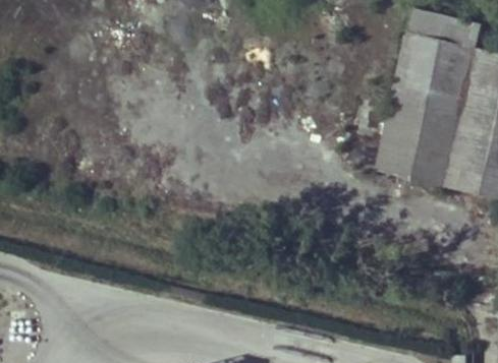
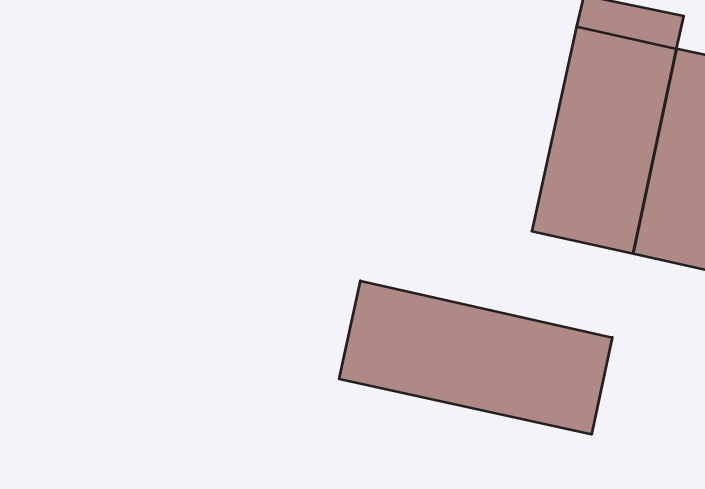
building: none -> [339,281,612,434]

